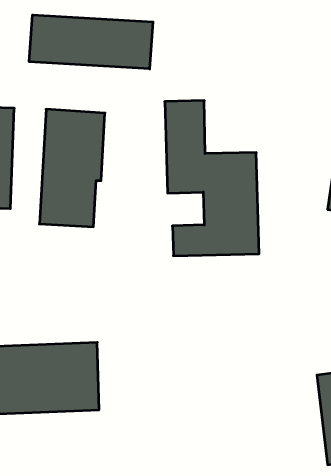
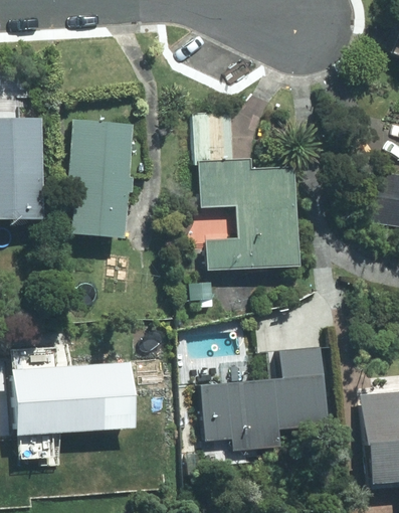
building: [29,15,153,69] -> none
building: none -> [203,341,327,451]

